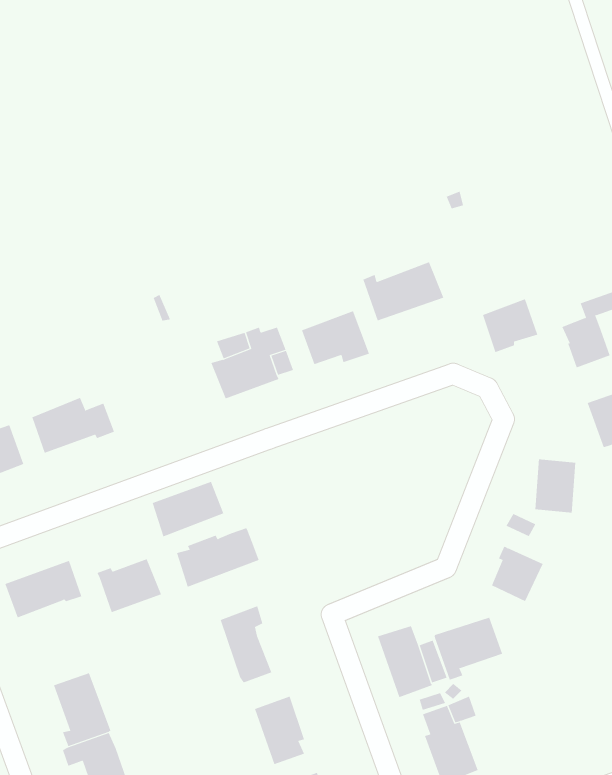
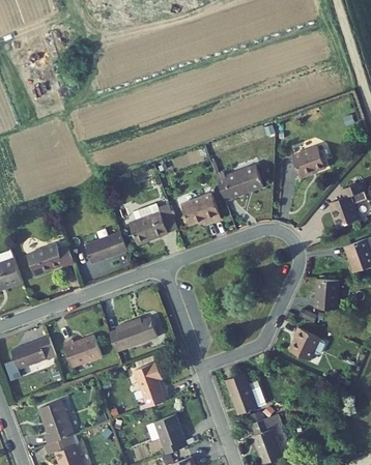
building: [482,299,538,353] -> [293,146,325,177]
building: [152,481,224,537] -> [86,231,127,263]
building: [434,617,503,680] -> none

